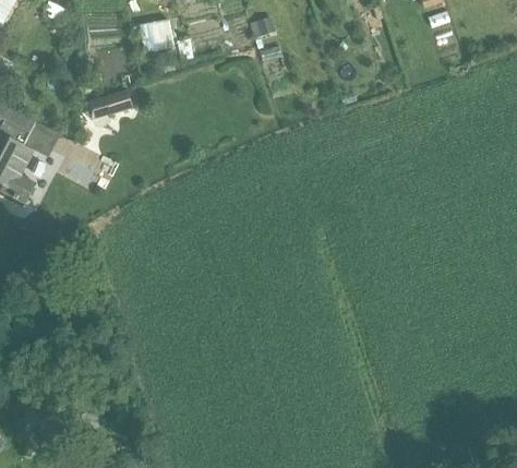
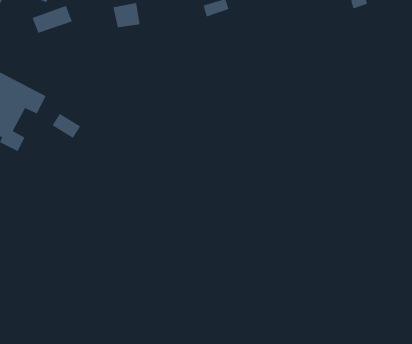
building: [86,85,136,120] -> [31,5,73,34]

